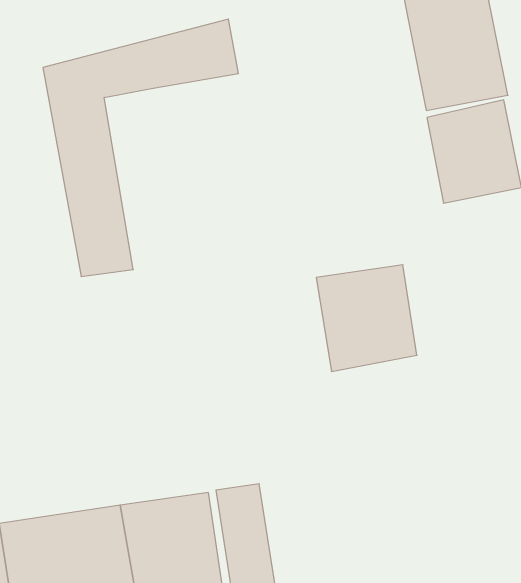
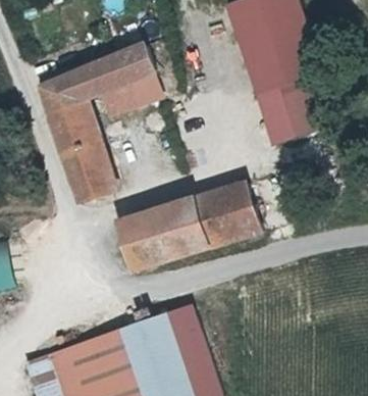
building: none -> [103,75,159,114]
building: none -> [116,186,228,268]

